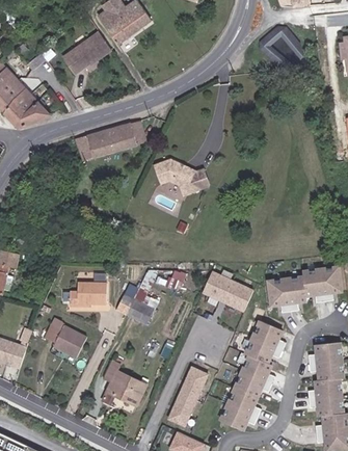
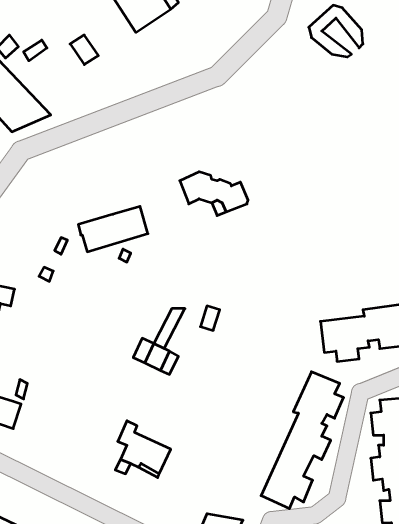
building: [77,34,112,67] -> none
building: [80,123,136,159] -> [78,206,148,252]
building: [204,268,250,307] -> none
building: [70,283,106,306] -> none
building: [45,323,86,359] -> none
building: [167,367,207,426] -> none

